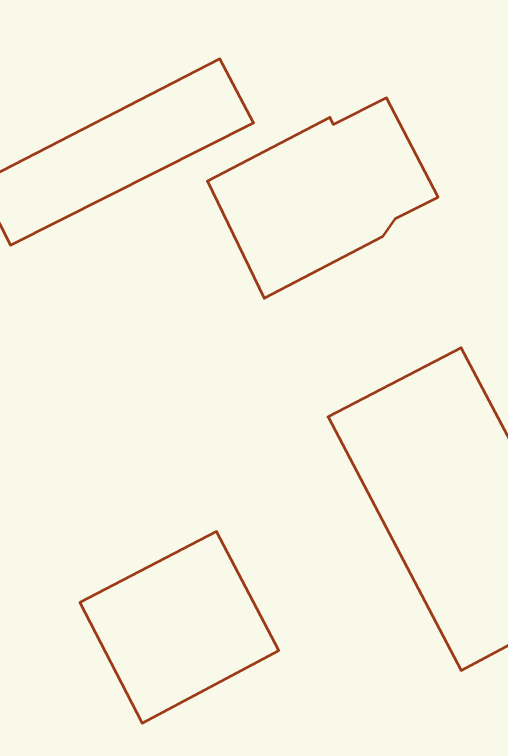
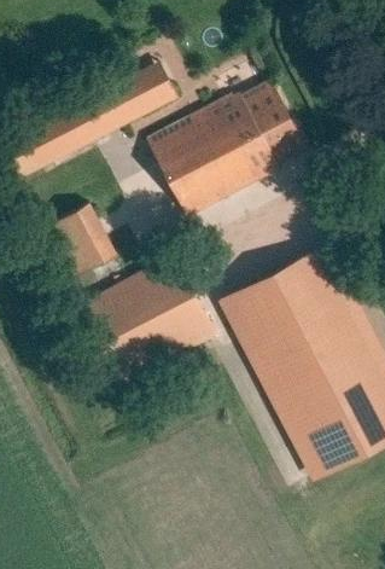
building: none -> [39,199,116,278]
building: [80,532,279,723] -> [80,252,215,383]

